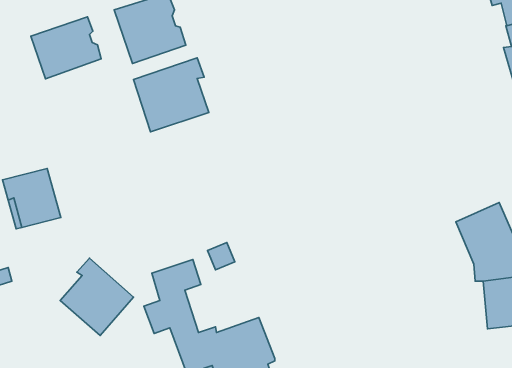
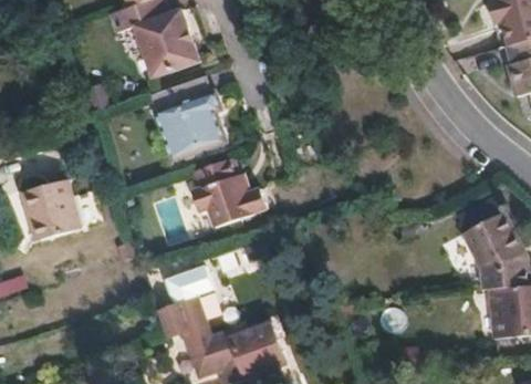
building: [31,17,101,79] -> none
building: none -> [188,156,268,226]
building: [60,258,133,336] -> none

